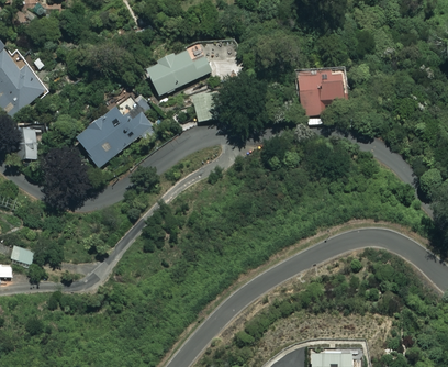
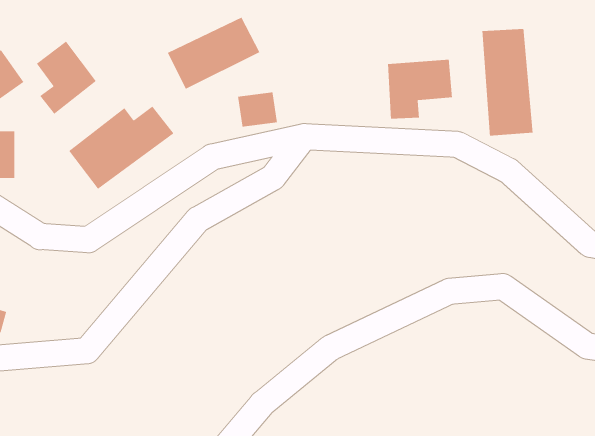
building: none -> [481,28,534,136]
building: none -> [36,41,97,115]

